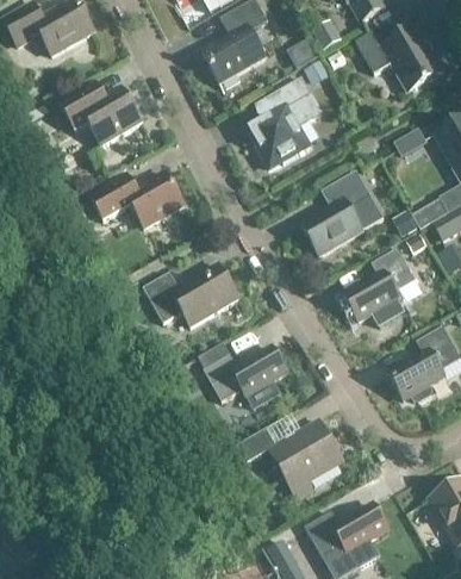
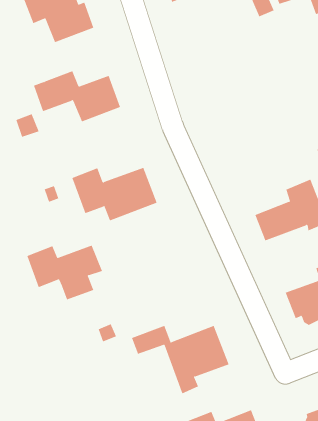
building: [247,76,324,167] -> none
building: [300,170,384,255] -> none
building: [204,347,287,410] -> [26,245,103,300]

